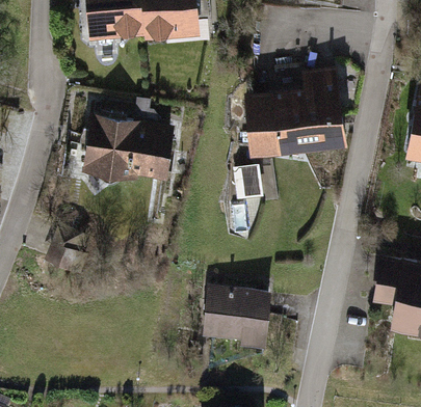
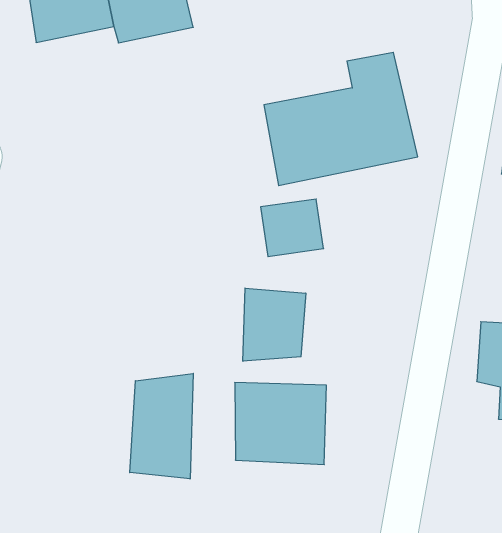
building: [98,115,190,185] -> none
building: none -> [243,288,306,361]
building: none -> [130,373,193,479]

